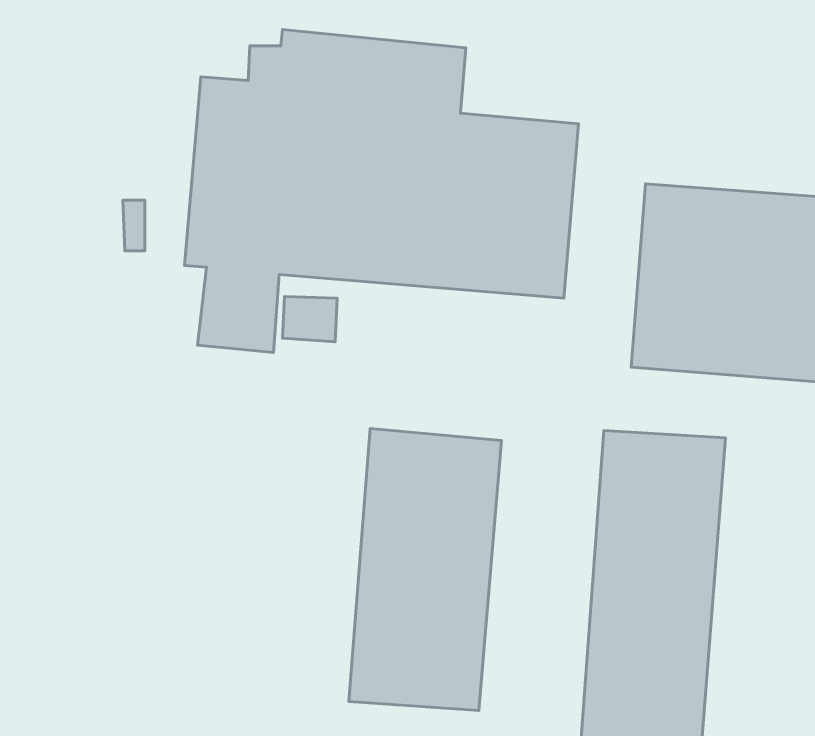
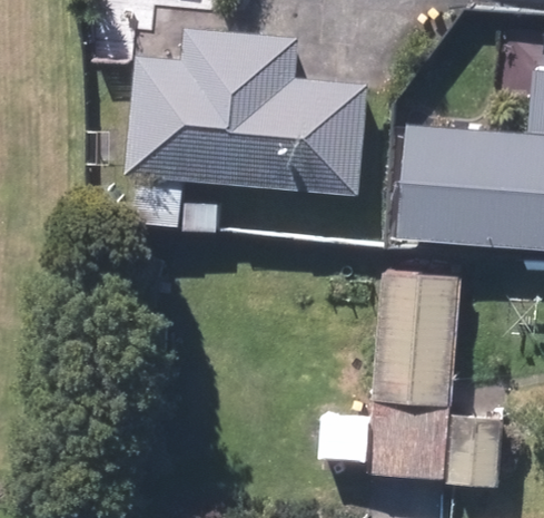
building: [349,428,502,710] -> none

